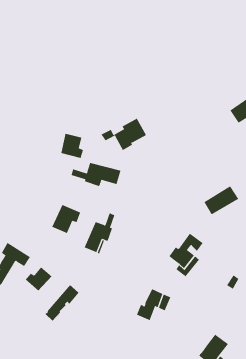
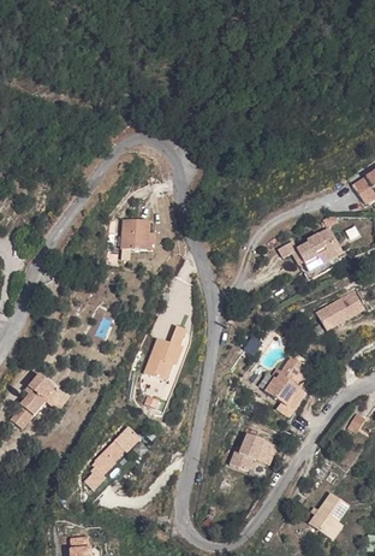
building: [101,118,147,151] -> [272,225,335,271]
building: [71,162,121,187] -> none
building: [52,204,81,234] -> none
building: [25,266,52,292] -> none

